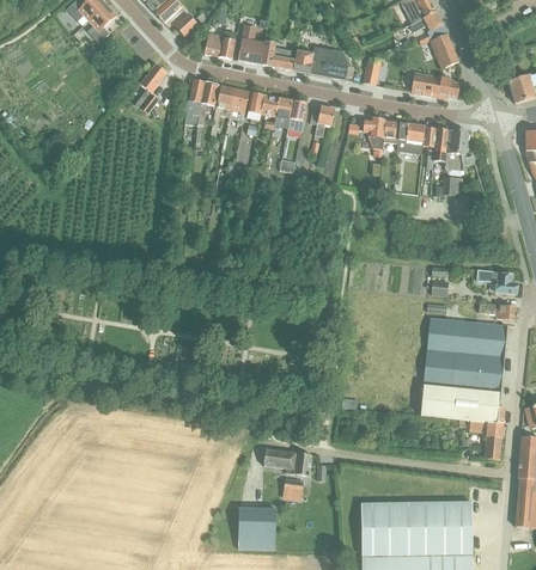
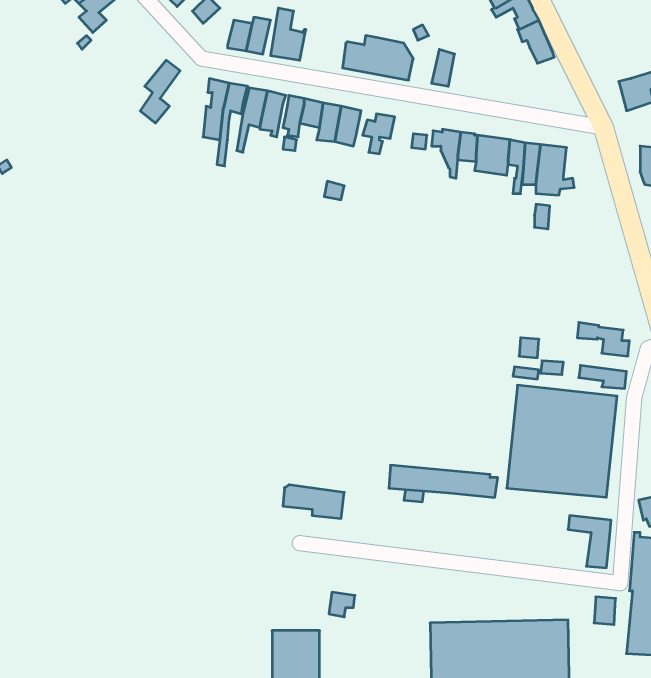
building: [260,39,296,69] -> none
building: [410,72,459,98] -> none
building: [420,397,505,422] -> [389,465,498,497]
building: [263,448,311,474] -> [283,485,344,518]

